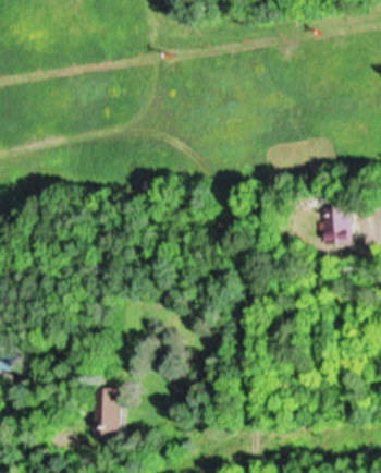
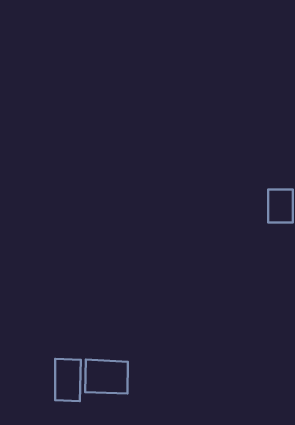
building: none -> [85,359,128,393]

